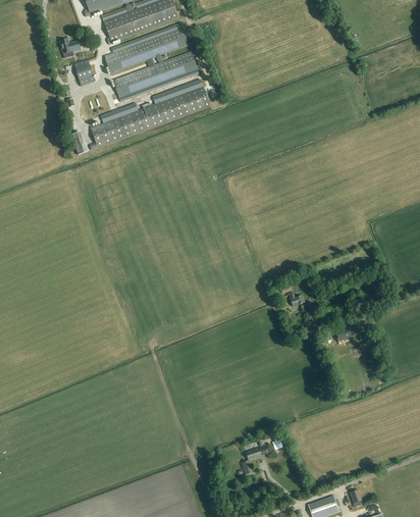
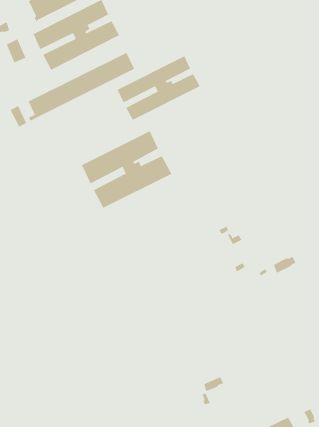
building: none -> [116,55,201,121]
building: none -> [81,130,172,209]

